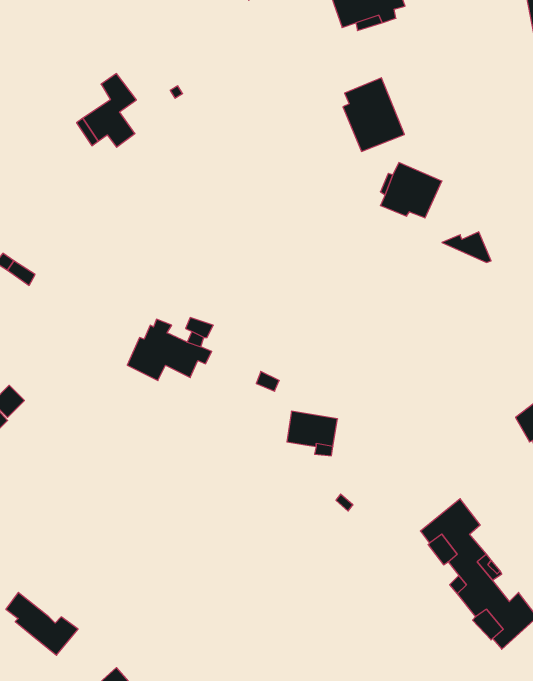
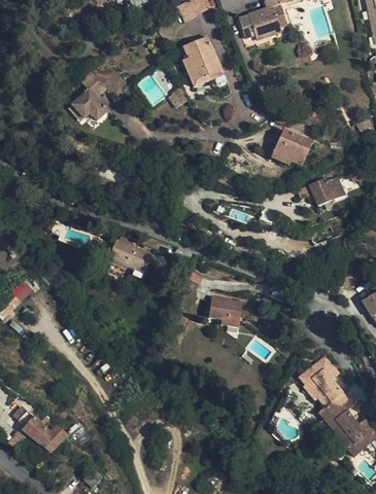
building: [343,78,404,151] -> [182,36,224,85]
building: none -> [299,182,343,205]

